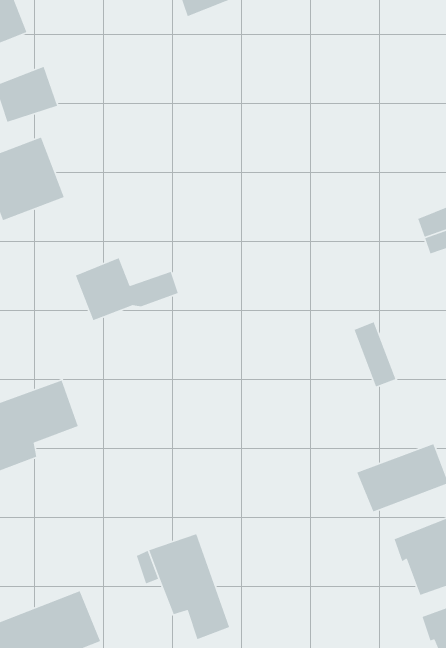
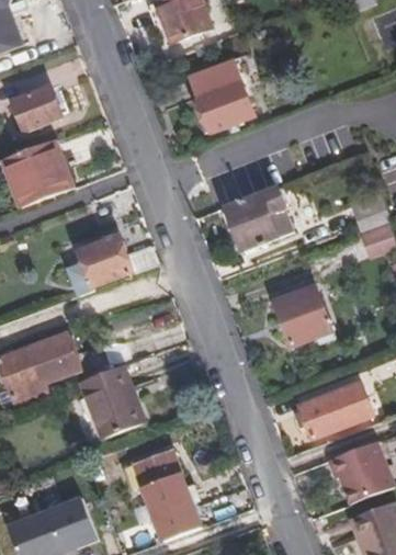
building: none -> [186,58,251,129]
building: none -> [224,184,296,251]
building: none -> [272,292,314,346]
building: none -> [81,365,142,438]

